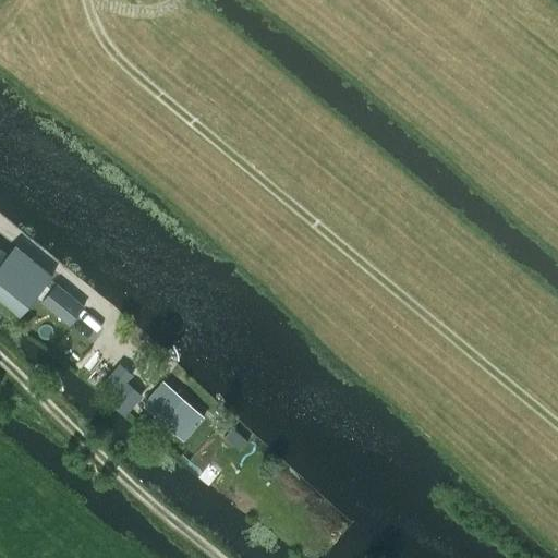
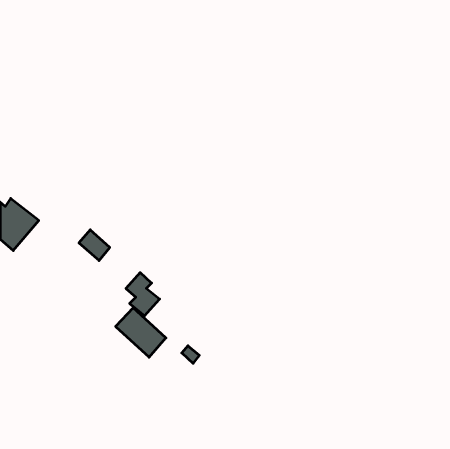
building: [43,286,81,324] -> [79,230,110,261]
building: [102,364,144,417] -> [126,273,160,316]

